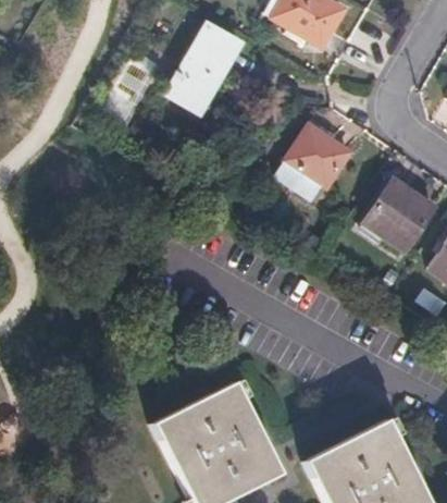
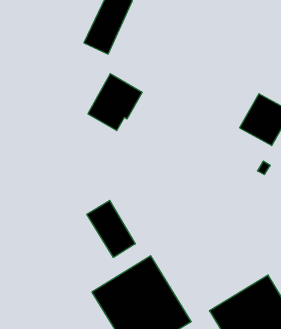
building: [277,124,351,199] -> [88,74,142,130]
building: none -> [87,200,135,257]

